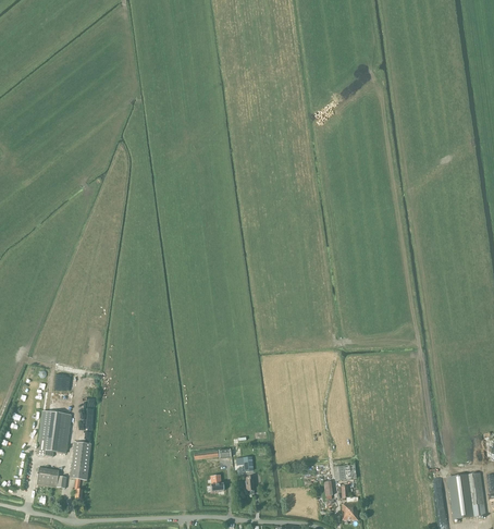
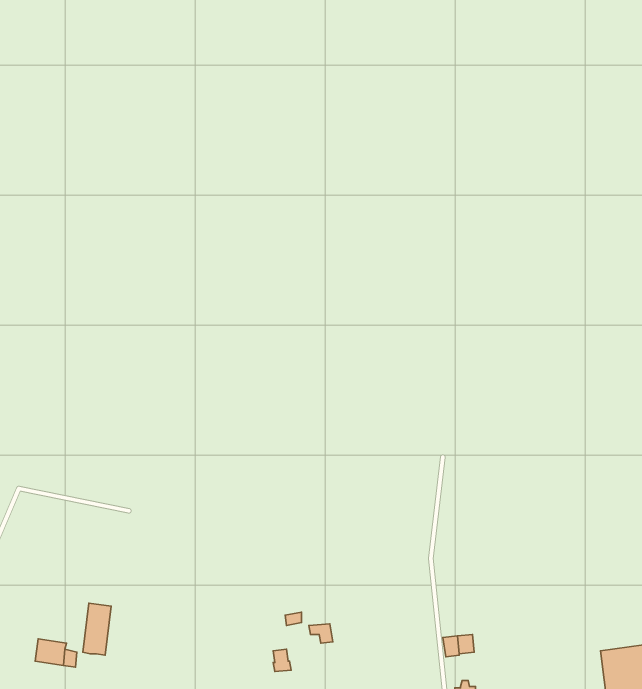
building: [37,411,71,457] -> none

